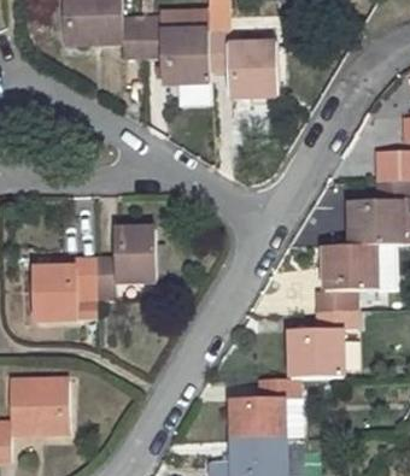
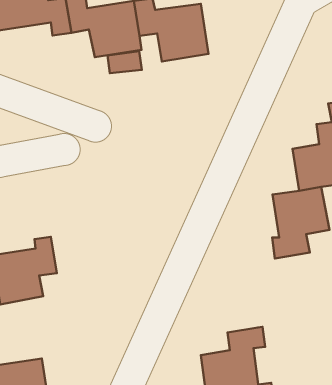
building: [93,228,156,295] -> none
building: [291,308,355,377] -> none

